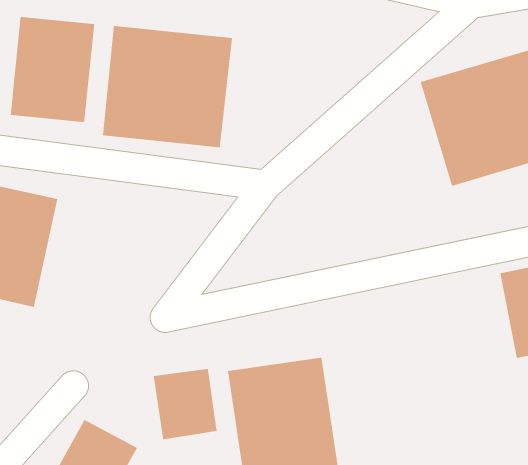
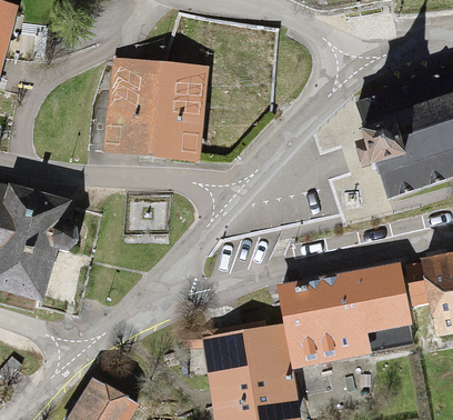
building: [10,16,95,123] -> none
building: none -> [280,268,407,366]
building: [153,368,217,440] -> none

